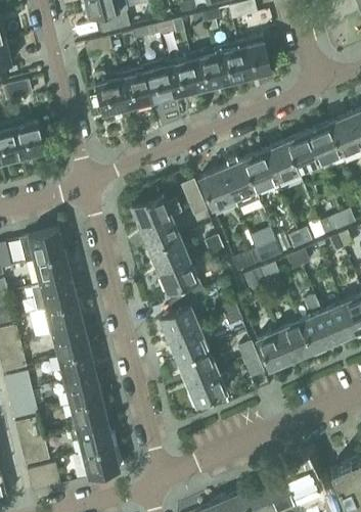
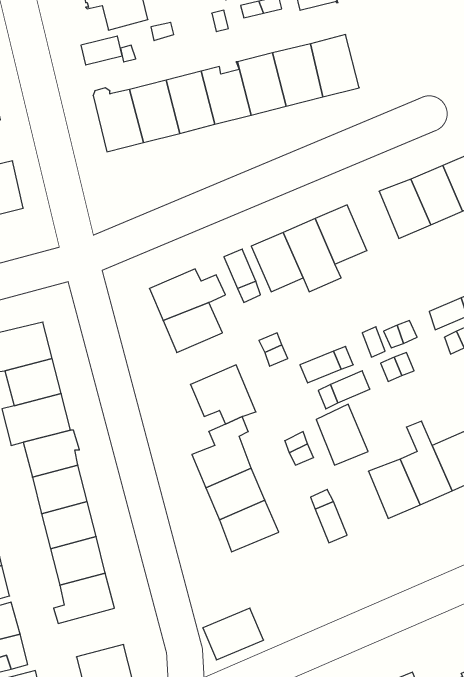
building: [263,142,298,182] -> none
building: [148,237,188,272] -> none
building: [256,330,290,371] -> [316,404,368,465]
building: [185,371,226,406] -> [203,608,264,660]
building: [69,422,112,455] -> none

